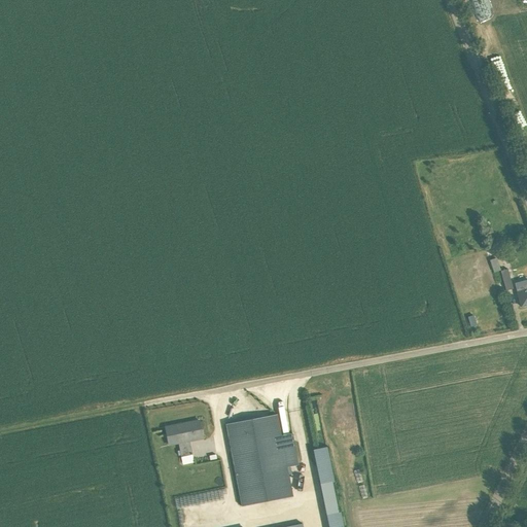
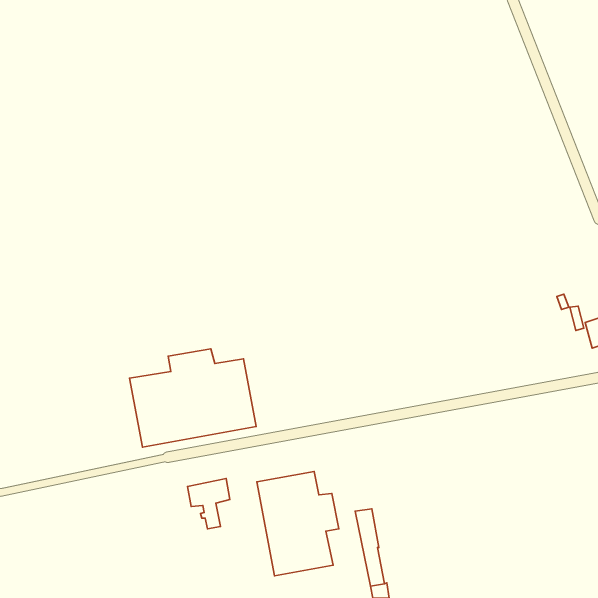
building: none -> [129,349,256,447]

